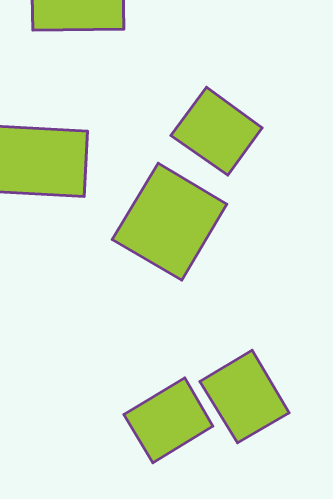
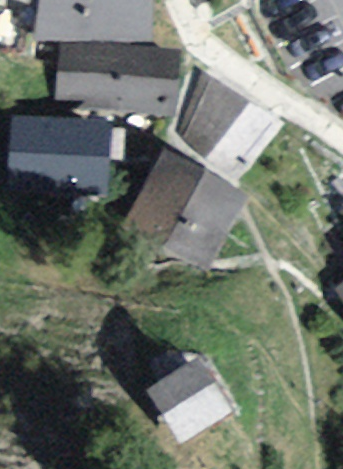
building: none -> [42,56,155,113]
building: [200,350,289,443] -> none

